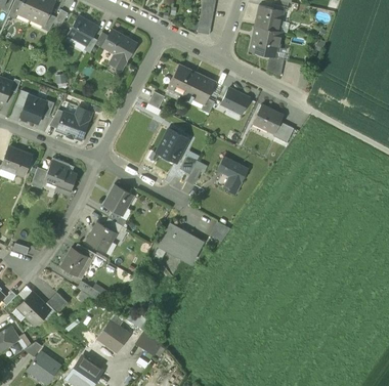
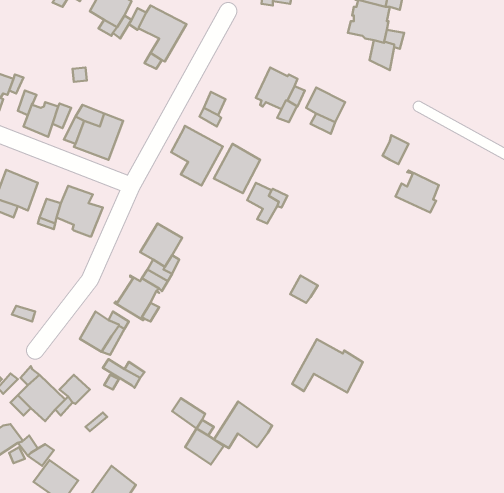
building: [168,65,196,95] -> none
building: [252,104,283,134] -> [396,171,439,212]
building: none -> [171,126,223,185]
building: [217,157,248,194] -> none
building: [152,225,202,263] -> [292,339,363,392]
building: none -> [214,402,272,448]
building: [96,319,130,352] -> none

